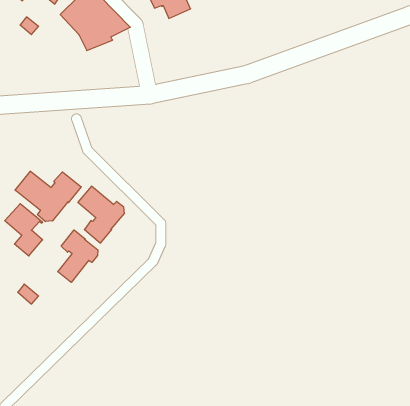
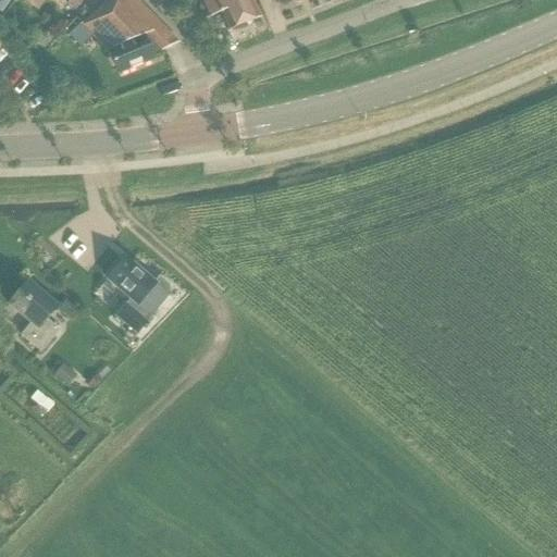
building: [15,171,81,222] -> none
building: [58,230,98,282] -> none

